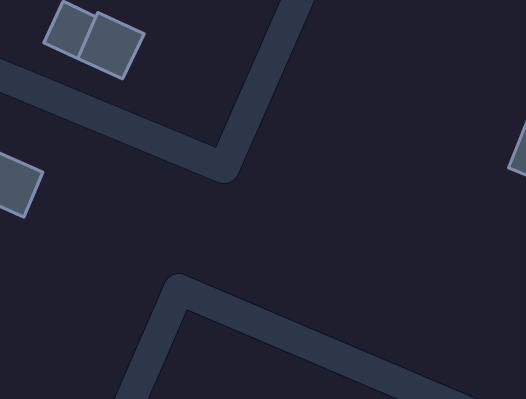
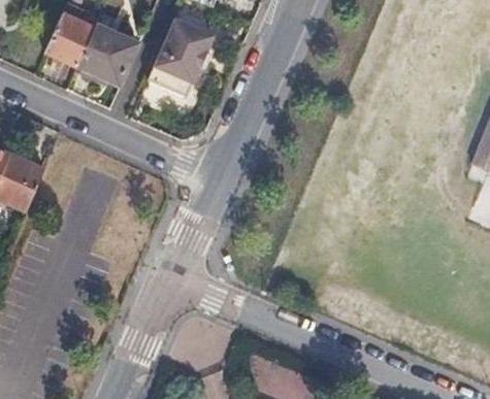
building: none -> [145,18,213,96]

